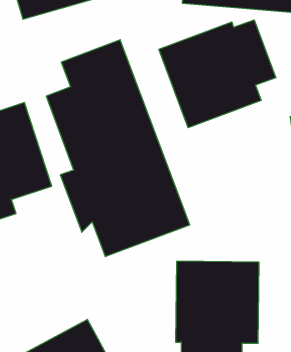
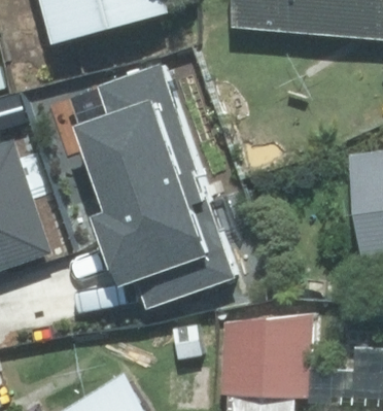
building: [159,20,276,128] -> none

